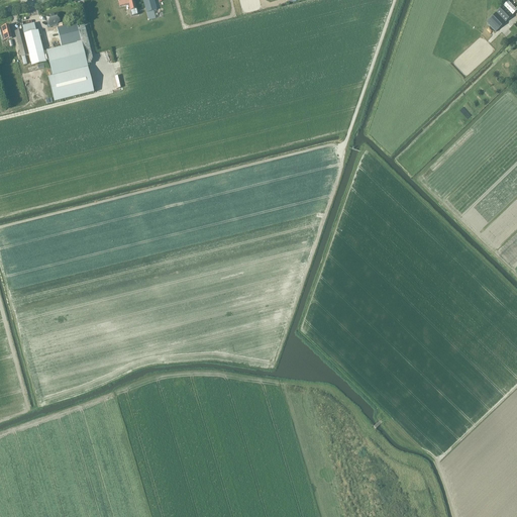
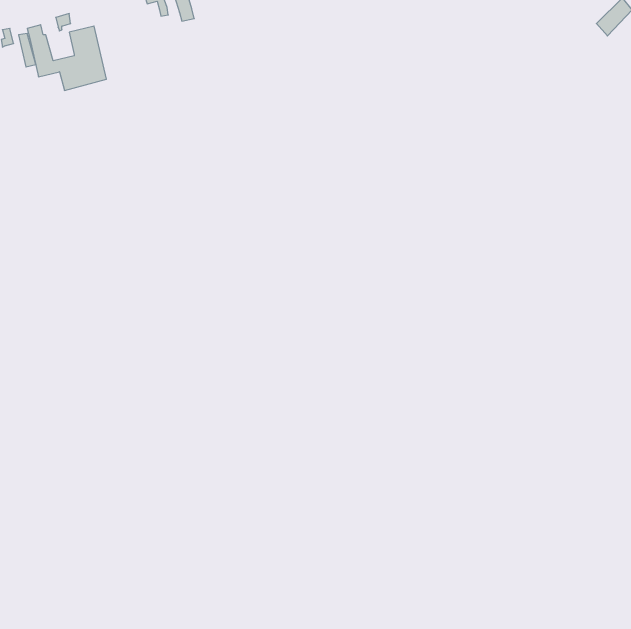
building: [48,65,95,99] -> none

